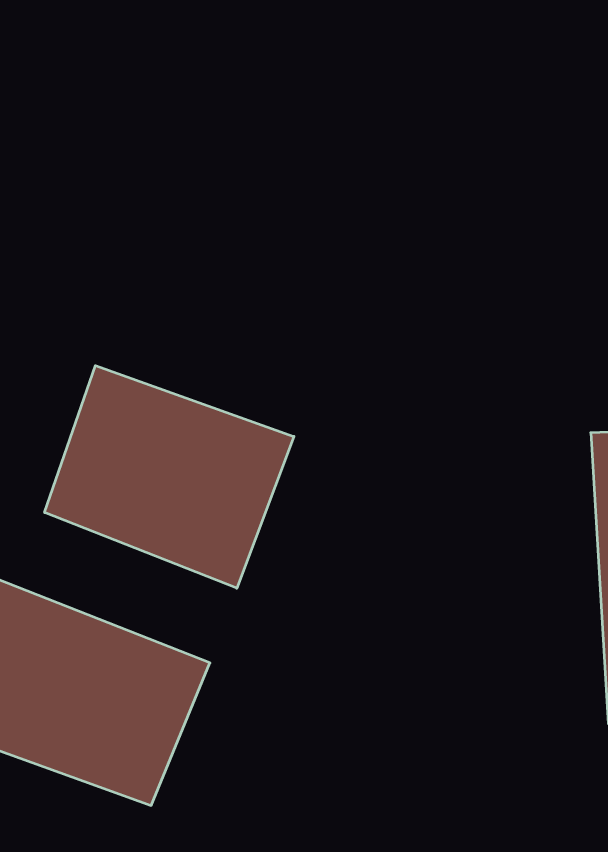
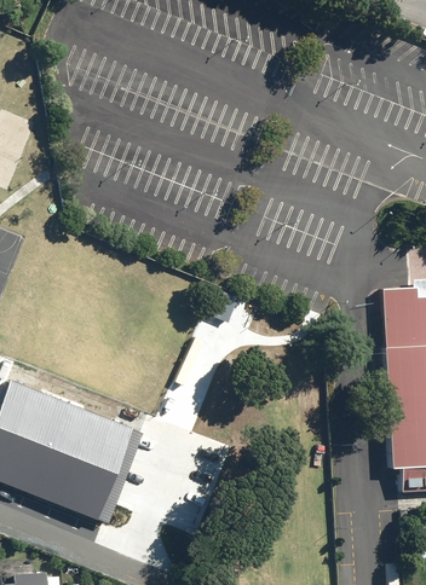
building: [45,366,294,588] -> none

